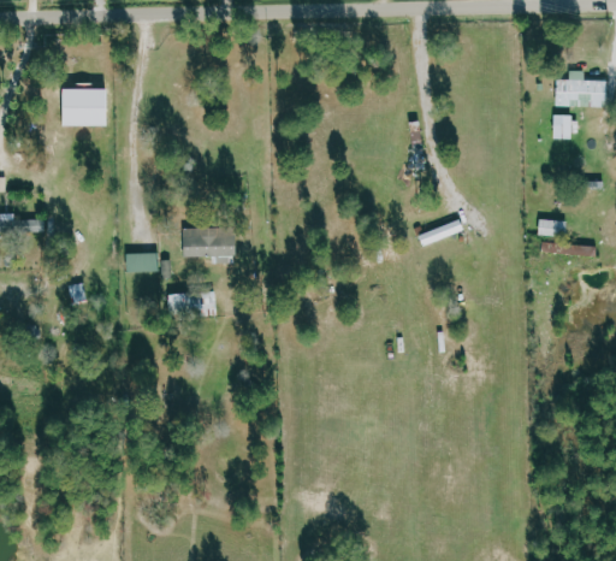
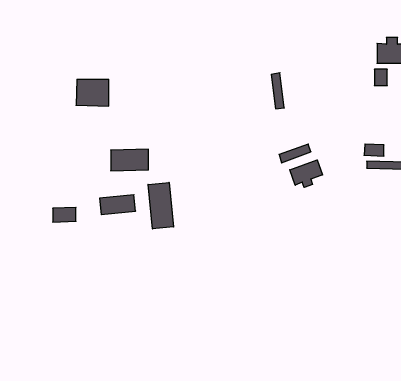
building: [63,88,108,125] -> [76,79,109,106]
building: none -> [290,160,323,187]
building: [125,252,158,272] -> [53,207,76,222]
building: none -> [148,182,174,229]

